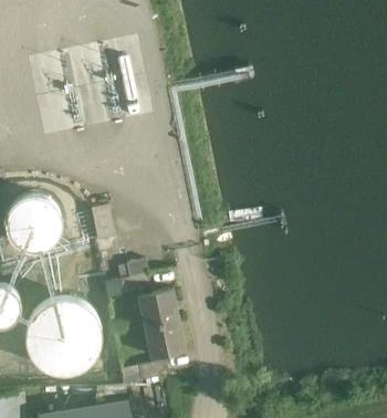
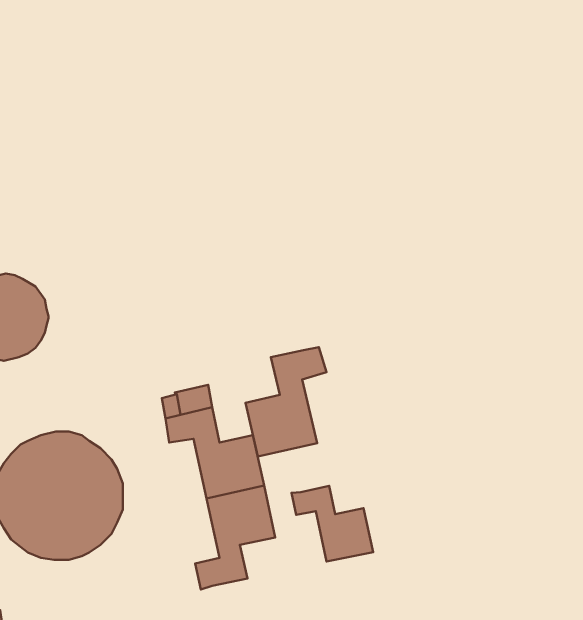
building: none -> [245,347,326,456]
building: none -> [291,486,373,562]

